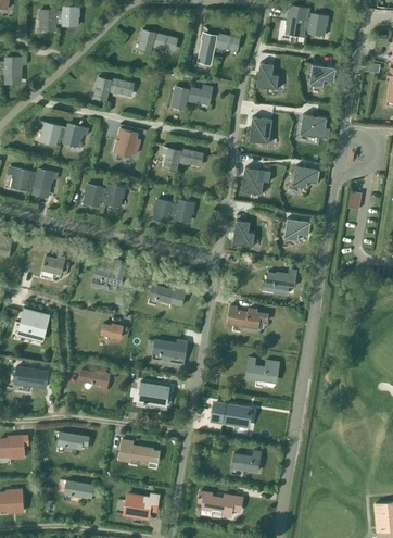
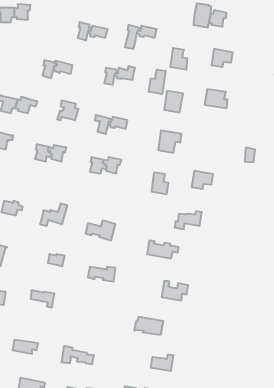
building: none -> [149,70,166,94]
building: [292,165,319,188] -> none
building: [137,381,169,409] -> none

